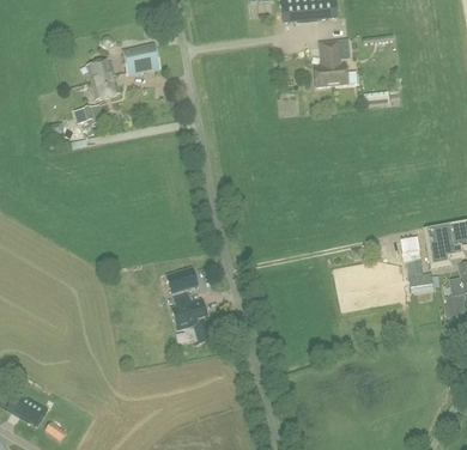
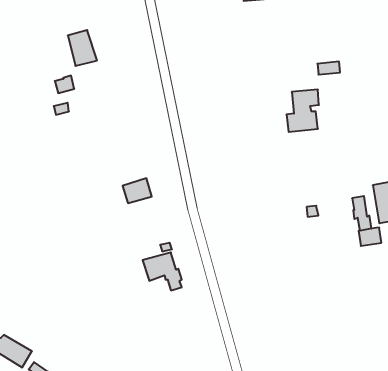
building: [314,41,350,87] -> [286,90,319,132]
building: [123,47,160,75] -> none
building: [166,267,199,294] -> [123,178,152,203]

